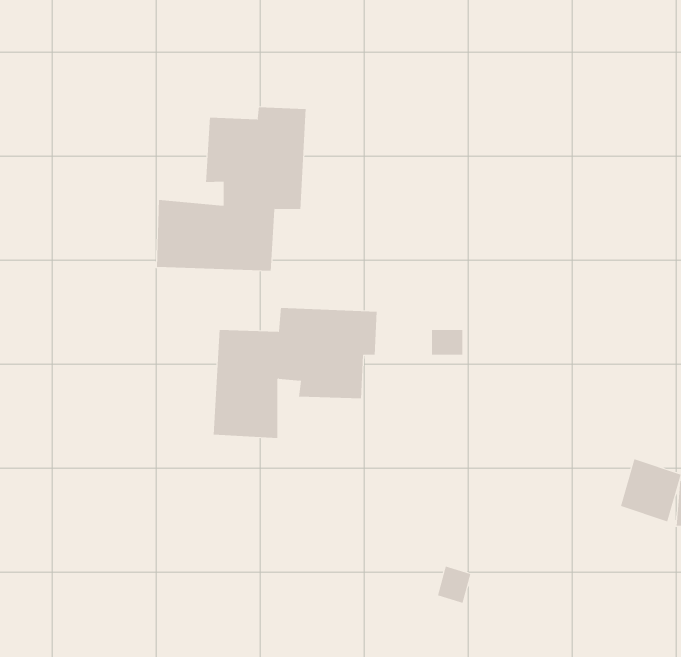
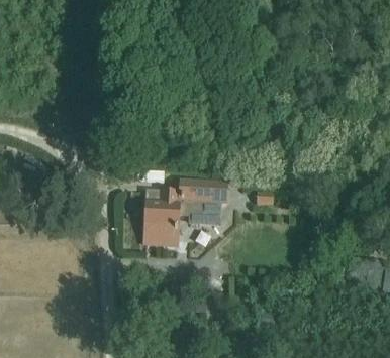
building: [156,106,306,272] -> none

